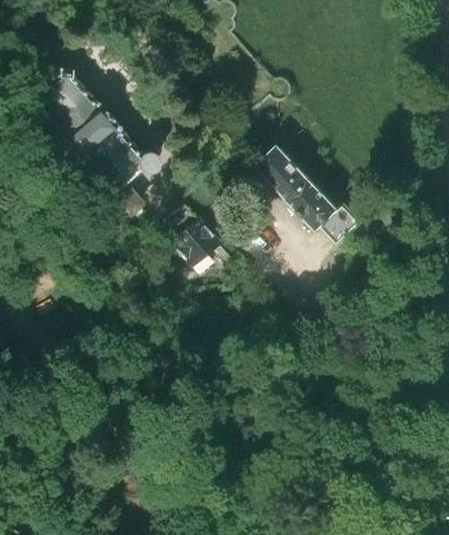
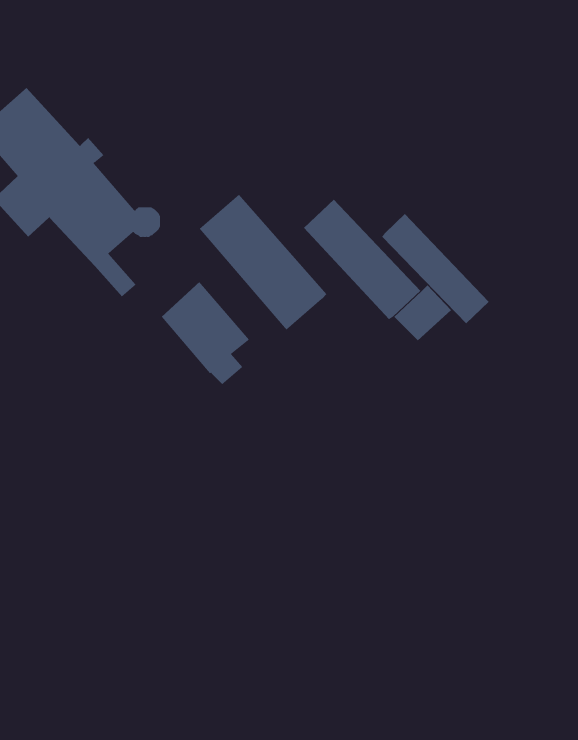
building: none -> [199,194,327,331]
building: none -> [382,213,489,324]

